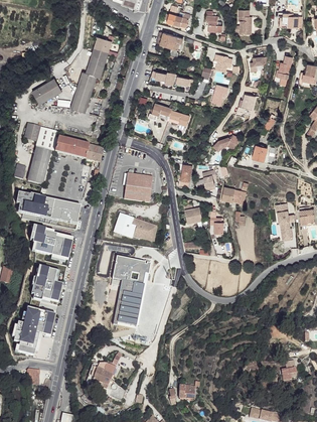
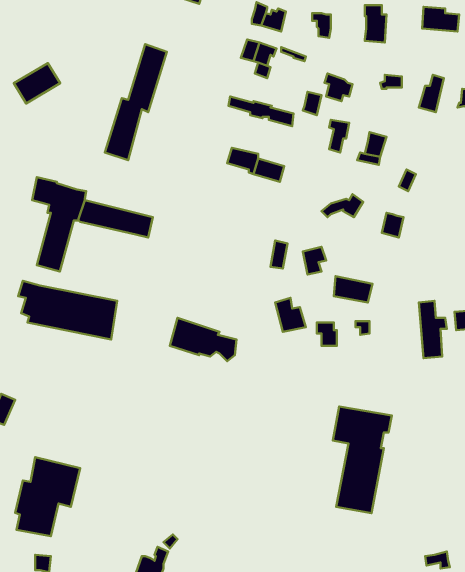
building: [32,77,62,103] -> [14,63,60,103]
building: [123,172,152,201] -> none
building: [29,222,72,259] -> none
building: [112,256,150,325] -> [333,406,392,513]
building: [31,263,62,301] -> none

